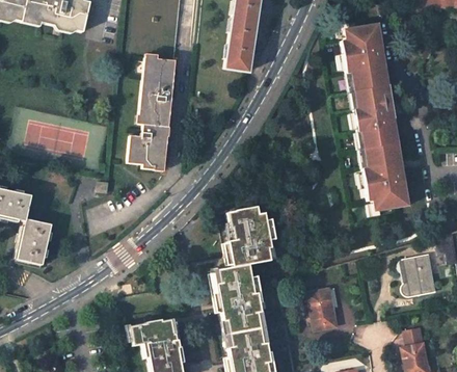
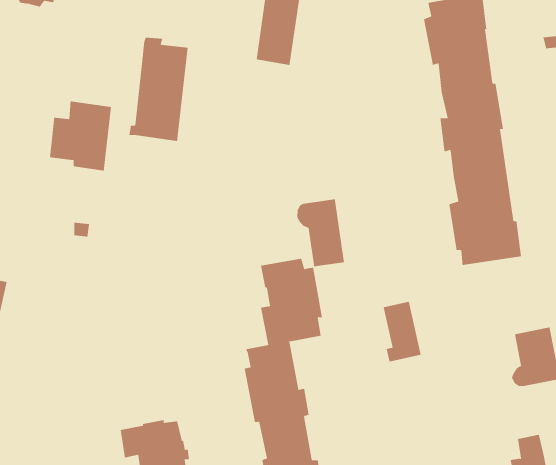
building: [127,122,170,170] -> [49,101,112,171]
building: none -> [297,198,345,267]
building: [311,289,338,331] -> [383,301,422,362]

